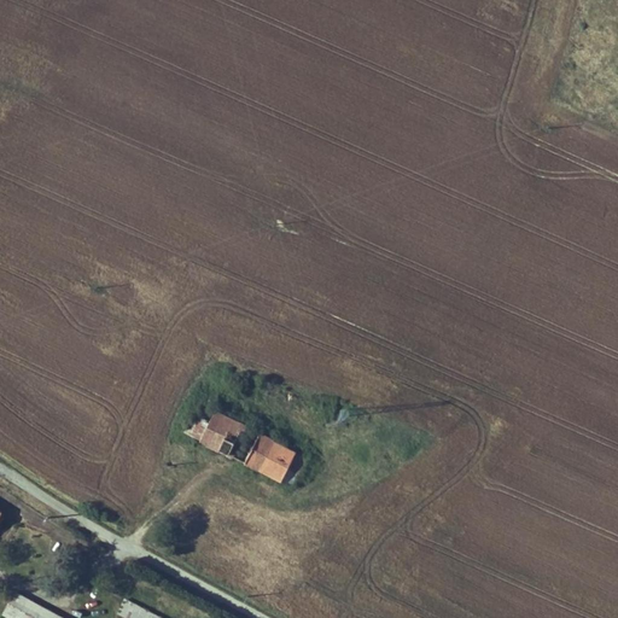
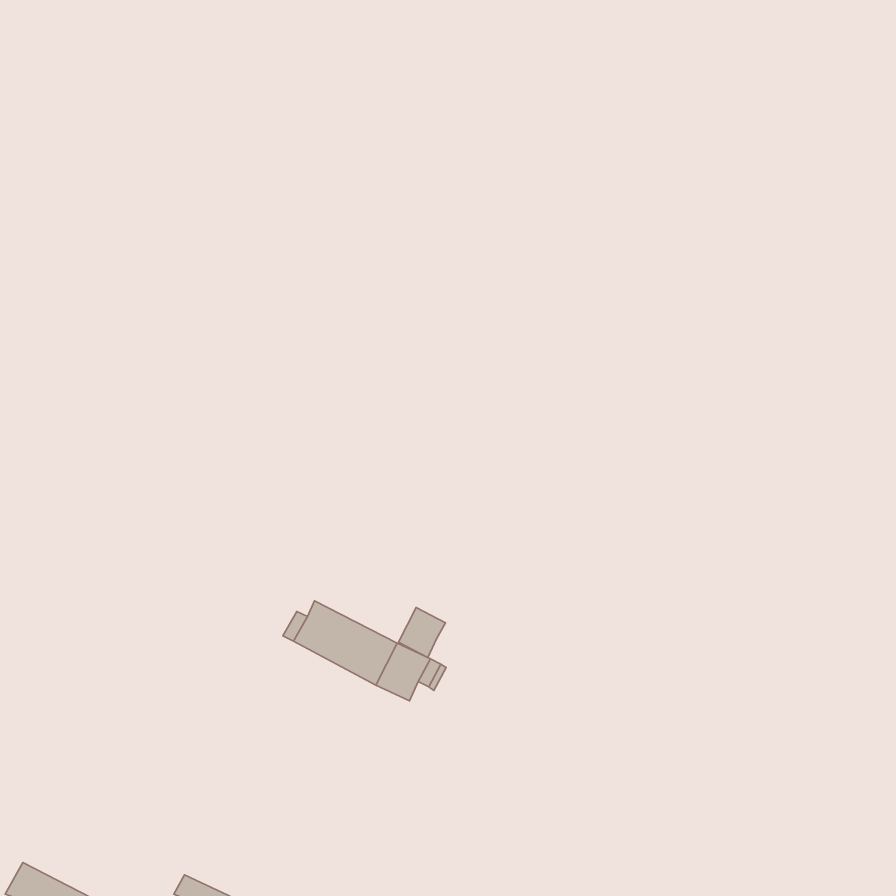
building: none -> [399,607,445,658]

